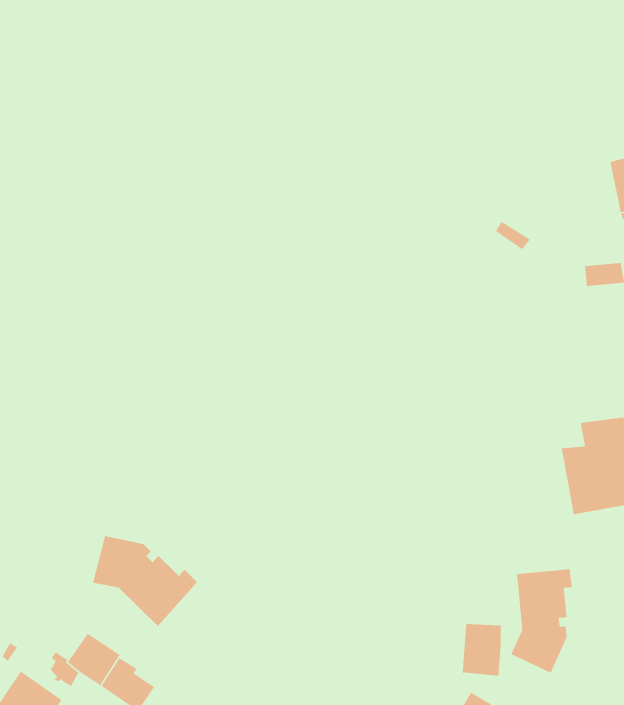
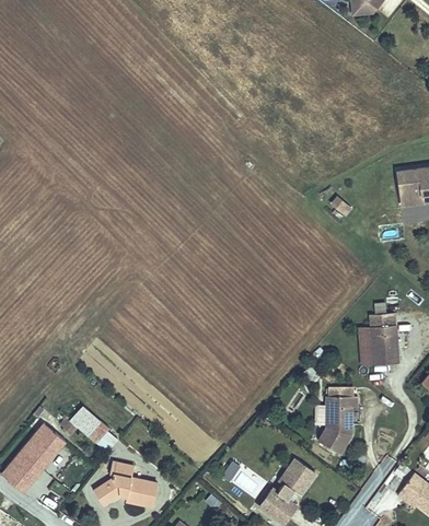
building: [92,535,198,627] -> none
building: [462,623,502,677] -> none

